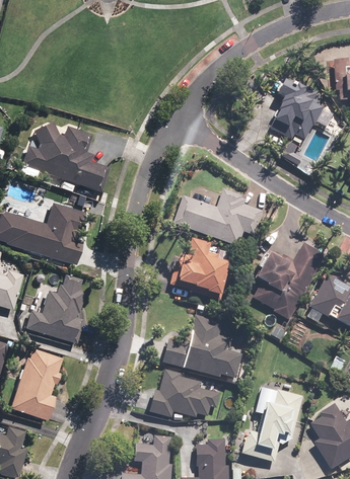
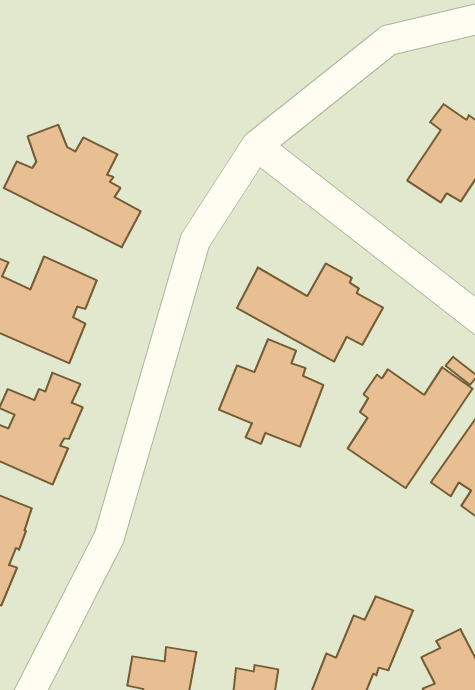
building: [164,319,241,379] -> none
building: [151,369,220,417] -> none

